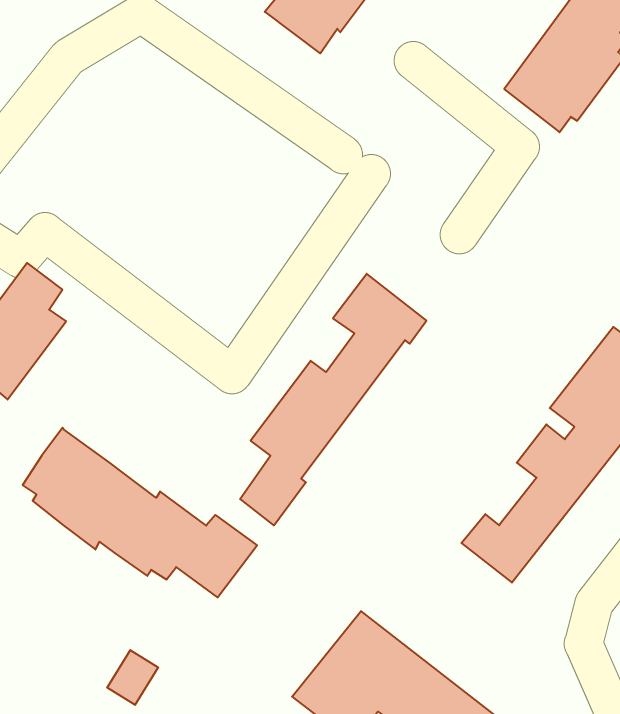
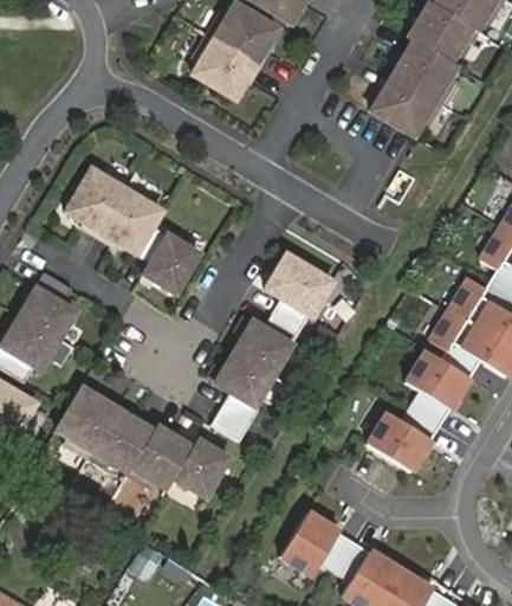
building: none -> [66,168,200,294]

